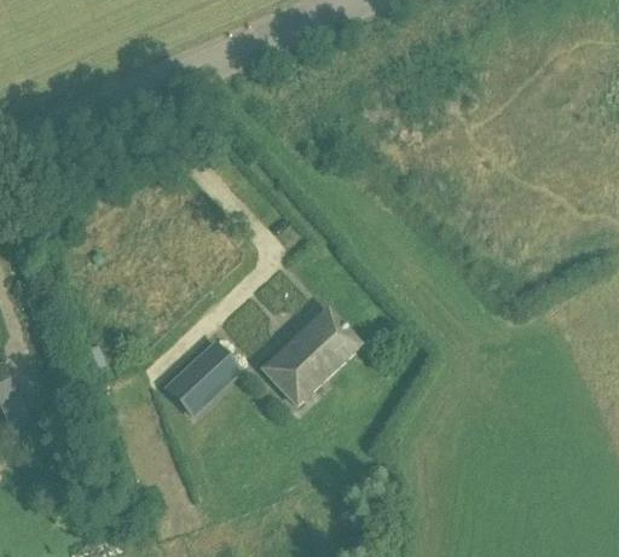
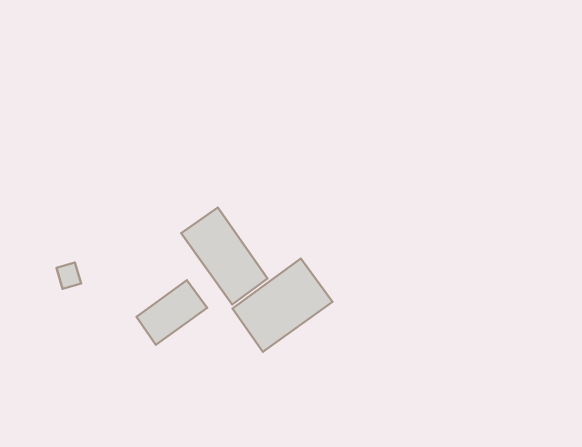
building: none -> [181,208,267,304]

